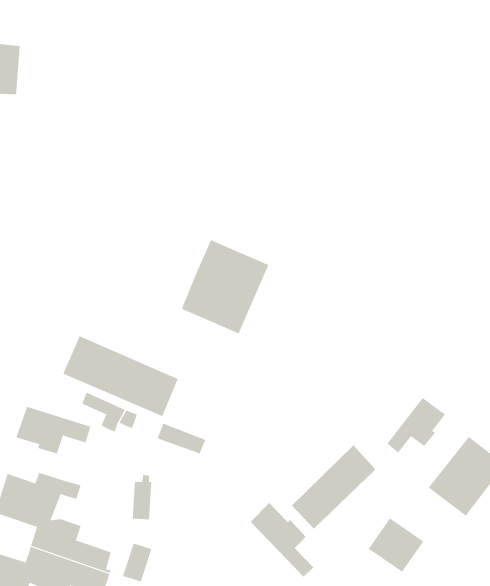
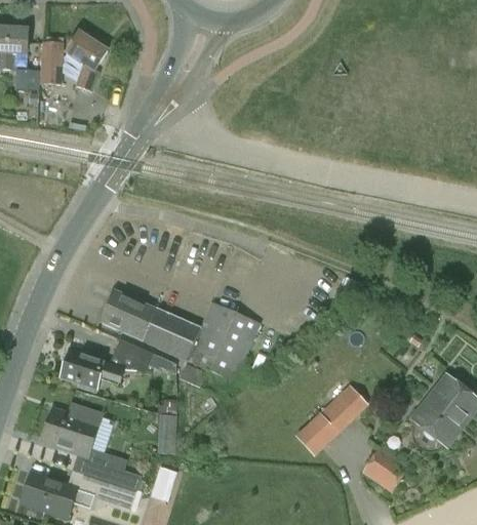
building: none -> [65,31,106,91]
building: [182,240,269,334] -> [185,300,260,381]
building: [387,397,446,453] -> none
building: [250,502,314,577] -> none

